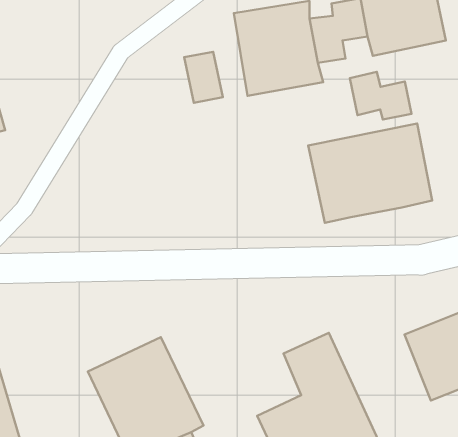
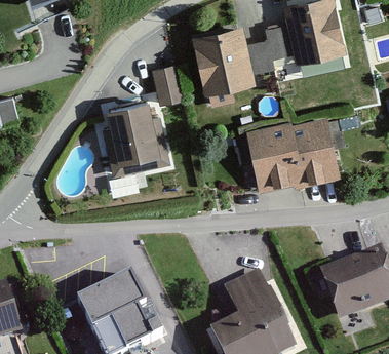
building: [350,72,412,119] -> none
building: none -> [99,101,164,171]

